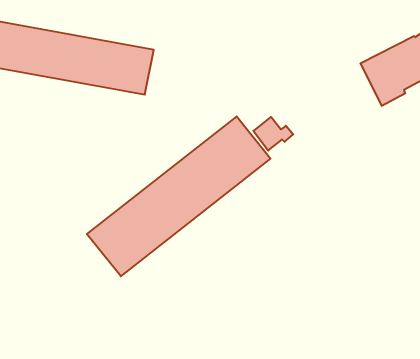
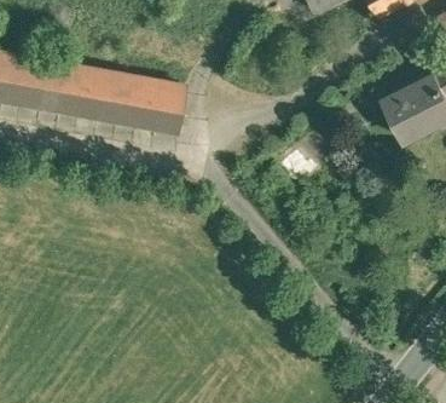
building: [87,116,270,276] -> none

